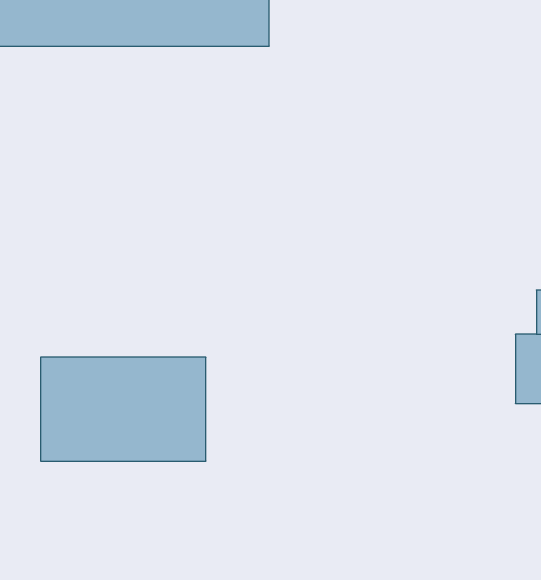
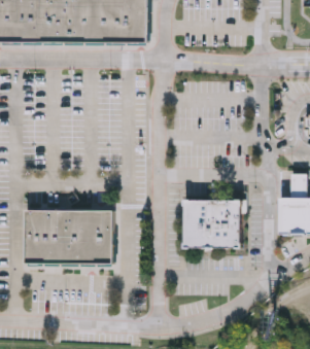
building: none -> [183,198,242,247]

